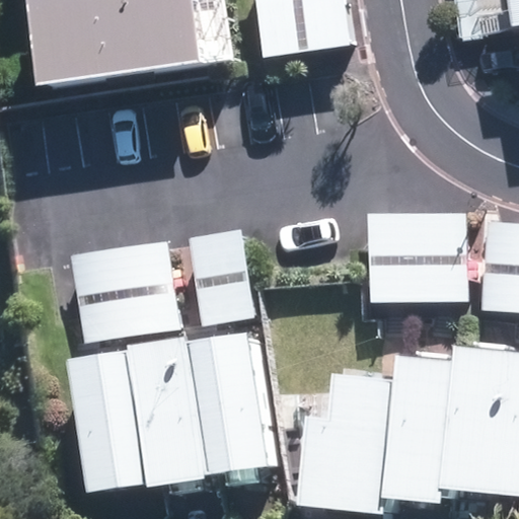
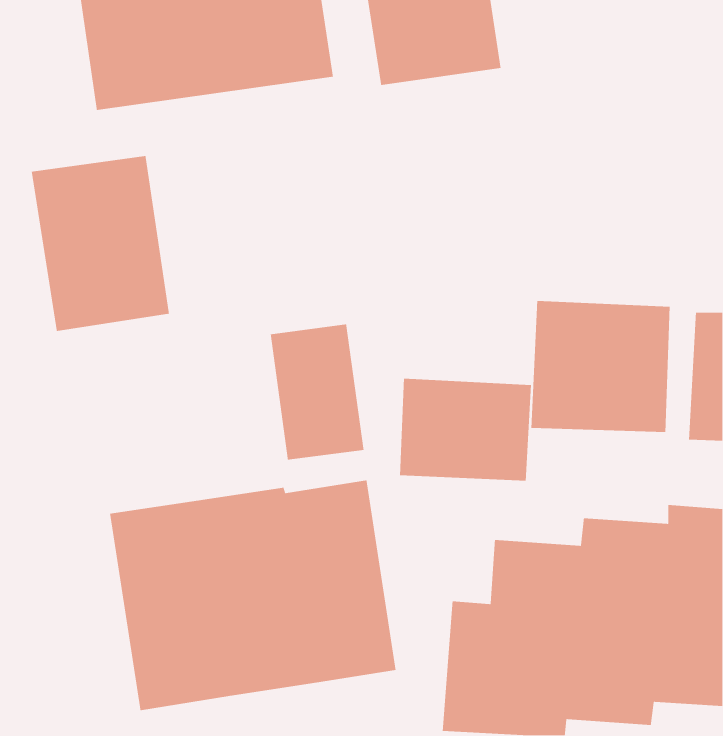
building: none -> [31,155,170,332]
building: [71,240,175,340] -> none
building: none -> [399,378,532,481]

